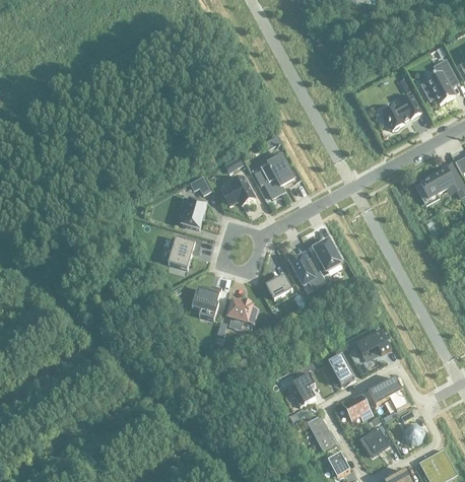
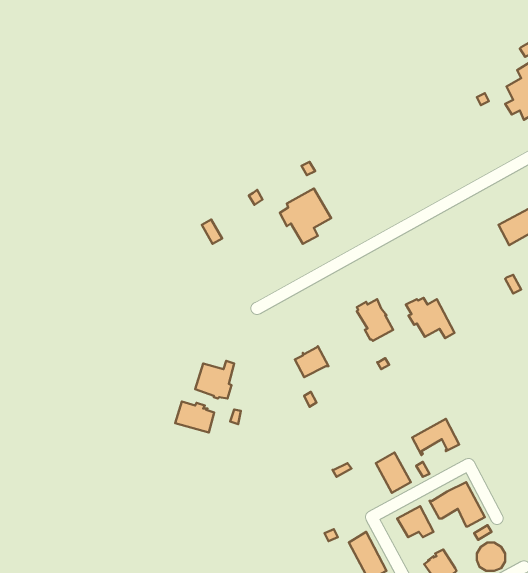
building: [381,94,419,129] -> none
building: [221,176,254,205] -> none
building: [179,198,205,228] -> none
building: [168,234,199,265] -> none
building: [287,255,324,285] -> [406,298,454,338]
building: [226,299,256,323] -> [175,402,214,433]
building: [290,373,314,406] -> none

